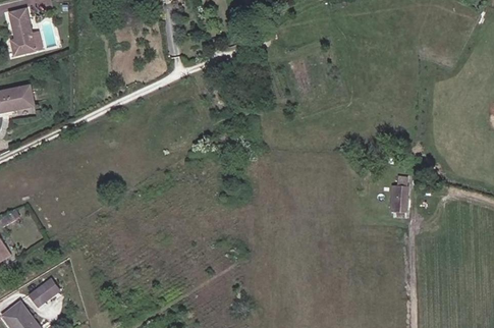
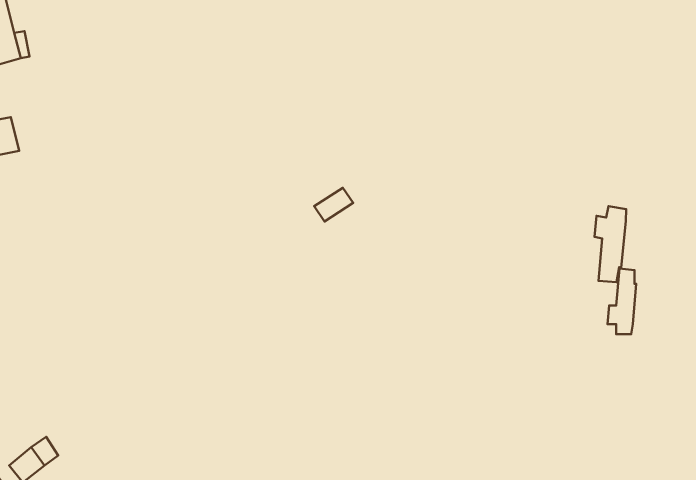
building: none -> [594,206,626,282]

